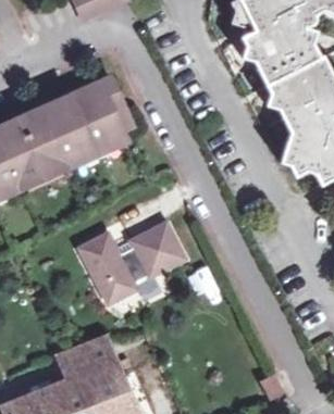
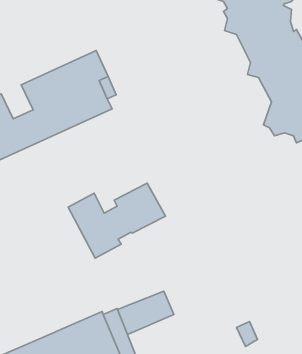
building: [54,335,115,381] -> [118,291,174,334]

